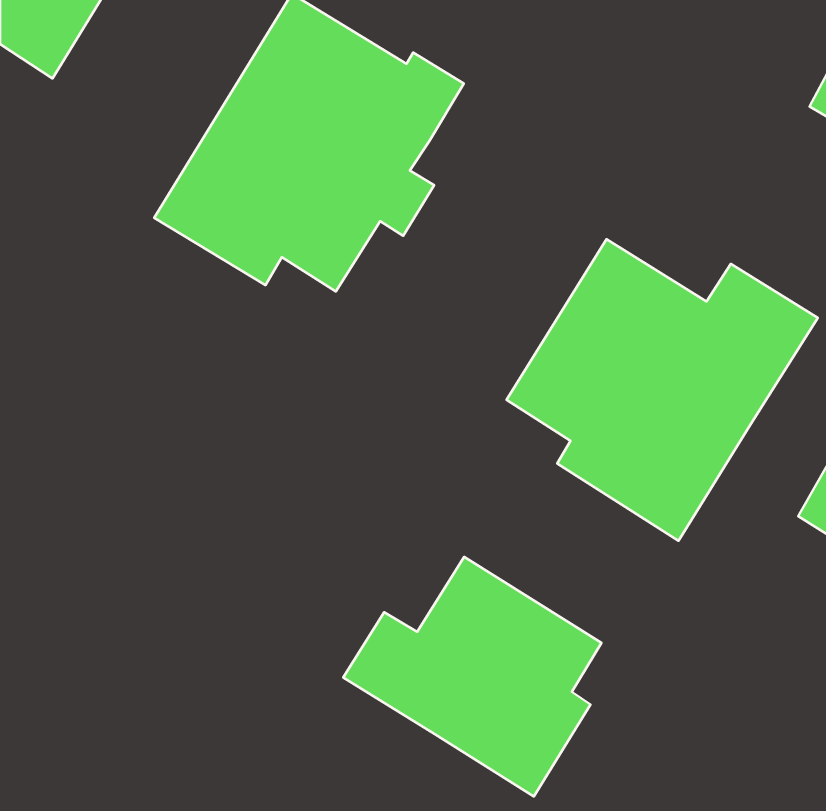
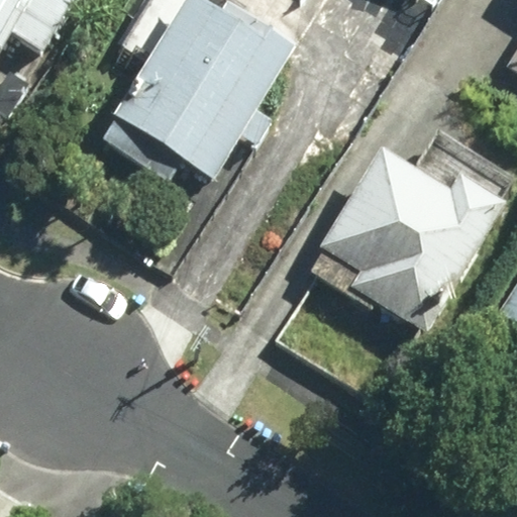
building: [343,557,601,797] -> none

